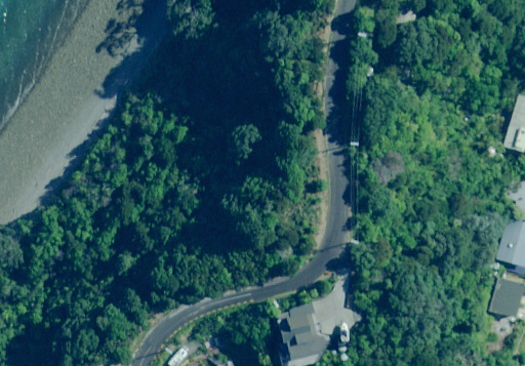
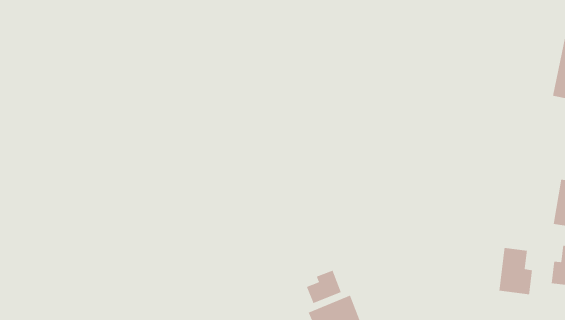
building: none -> [499,247,533,295]
building: none -> [306,270,341,304]

